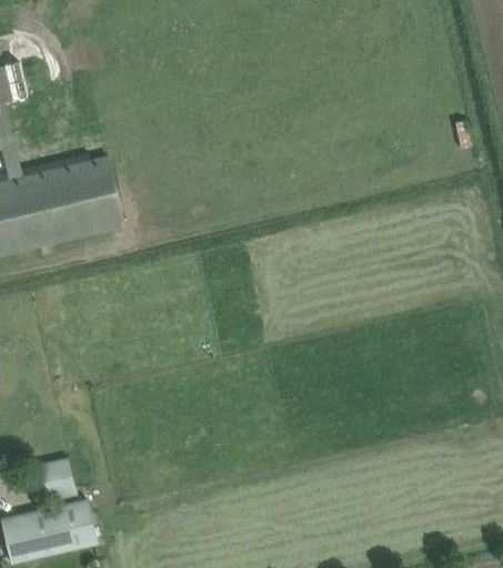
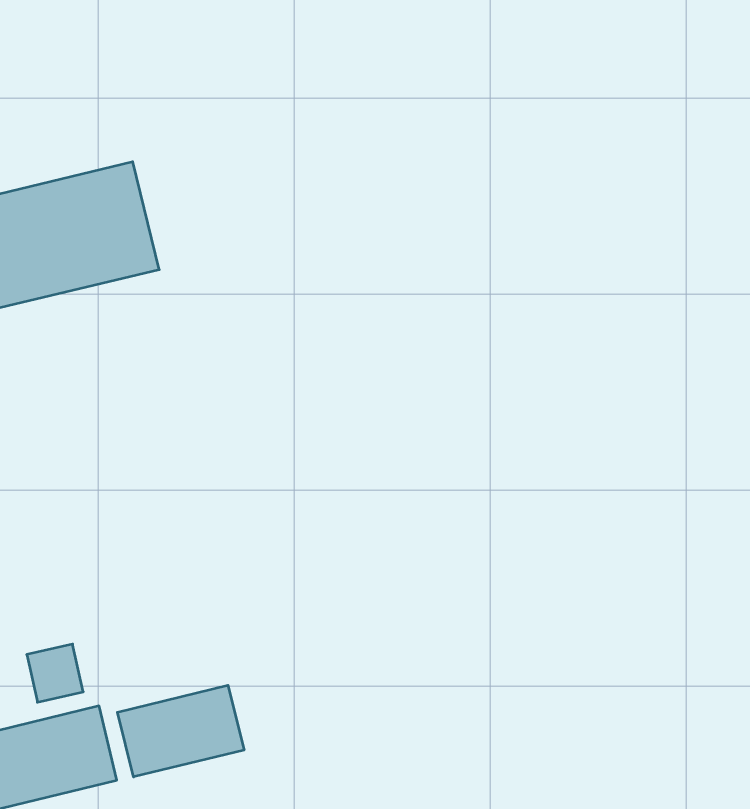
building: none -> [117,685,244,777]

